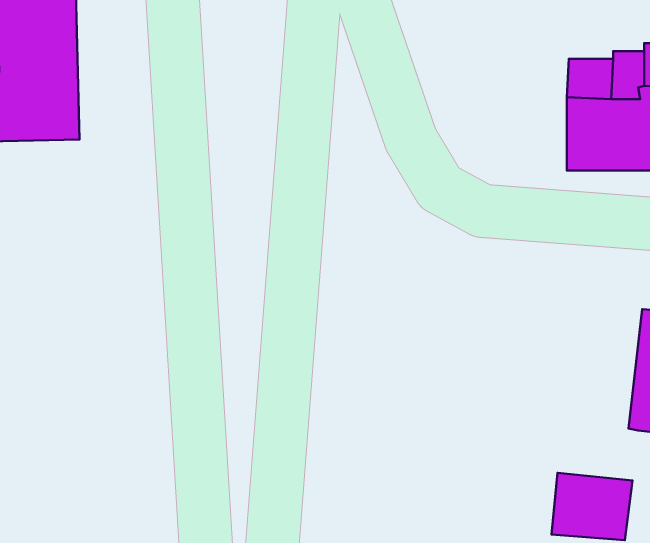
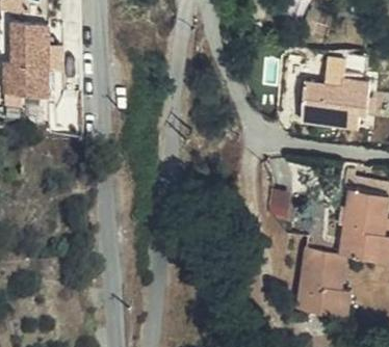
building: none -> [304,252,347,285]

